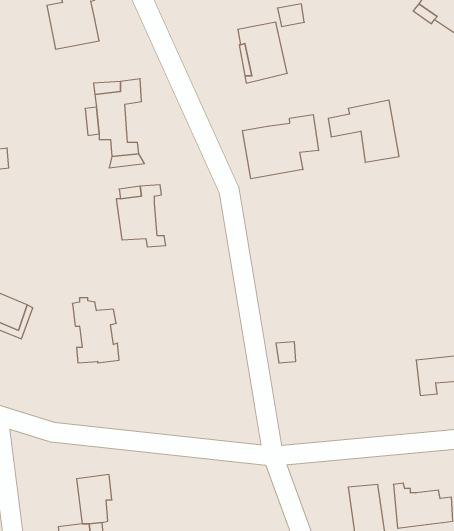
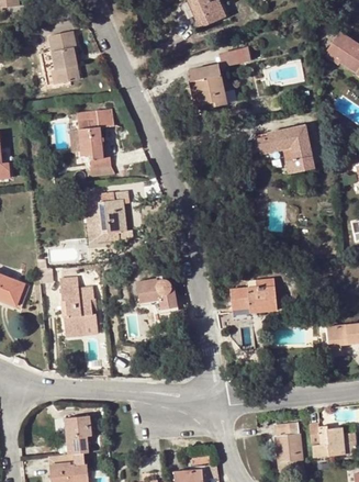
building: [242,115,319,179] -> none
building: none -> [136,278,177,309]
building: none -> [231,278,277,312]

